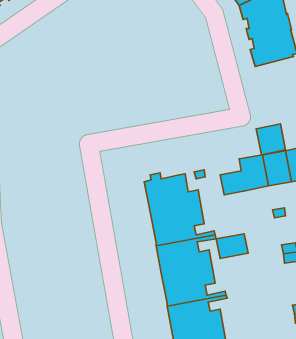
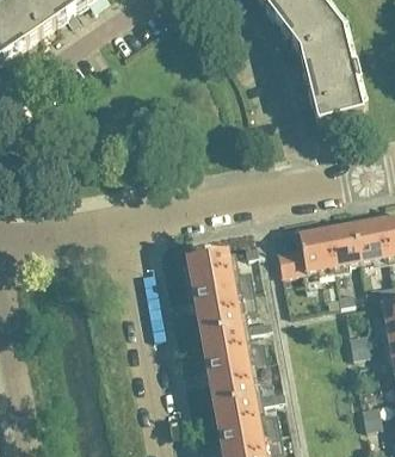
building: [256,124,286,155] -> none
building: [216,234,248,258] -> none

